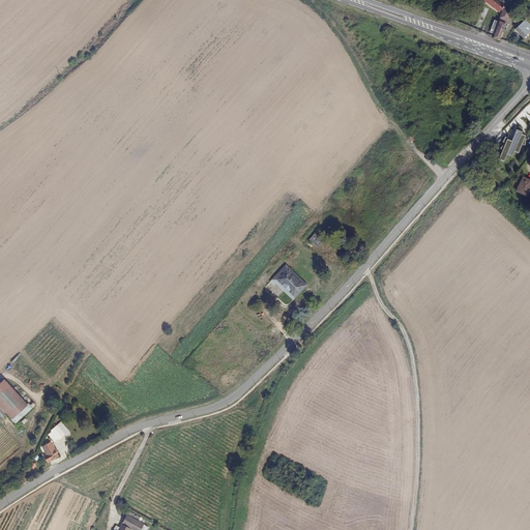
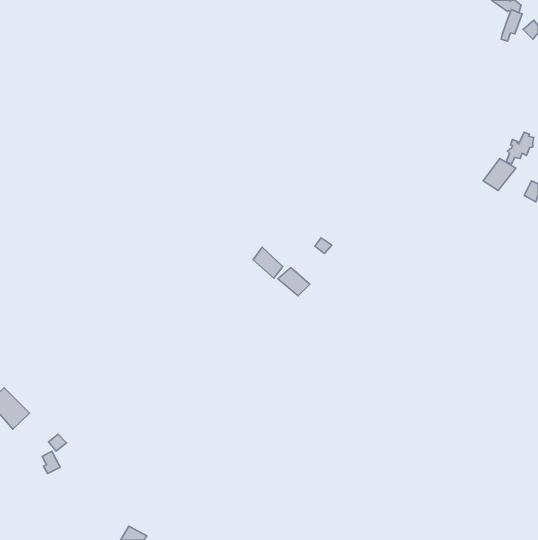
building: none -> [483,159,516,191]
building: none -> [253,247,283,278]

